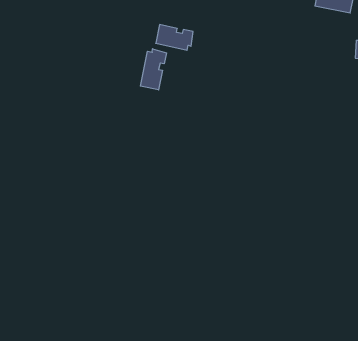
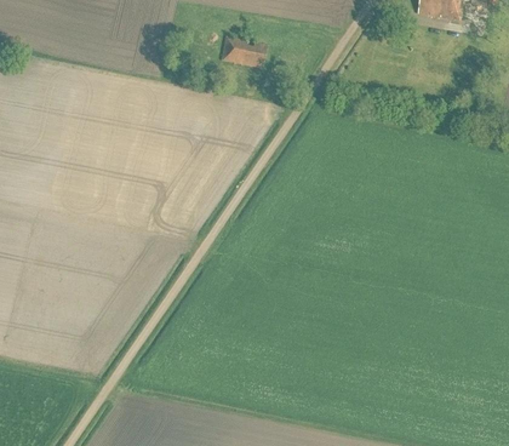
building: [140,49,166,90] -> none

